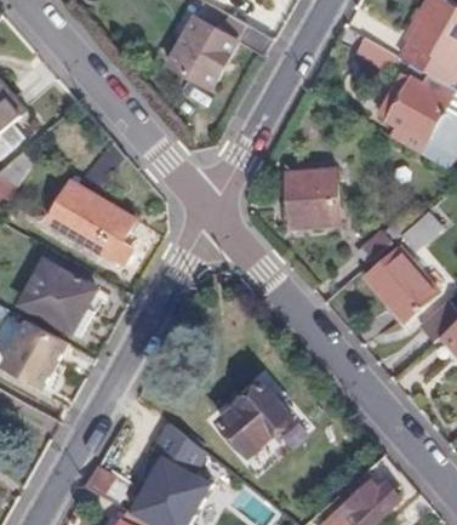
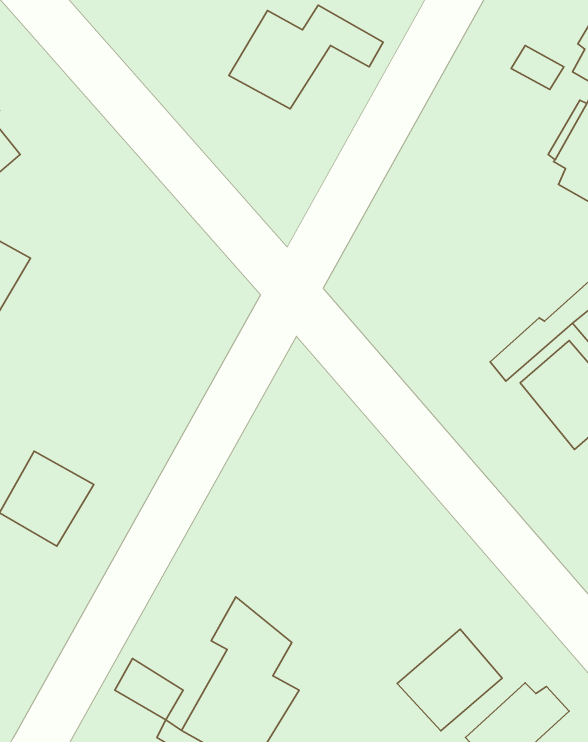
building: [287,170,341,228] -> none
building: [48,179,133,256] -> none
building: [21,261,93,331] -> none
building: [216,382,289,452] -> [397,629,502,731]

